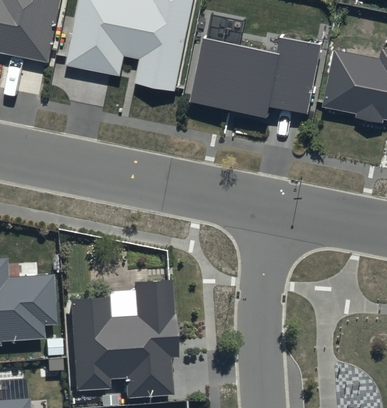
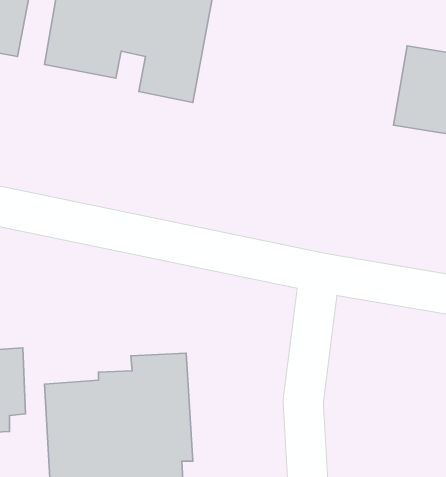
building: [191,33,322,119] -> none

